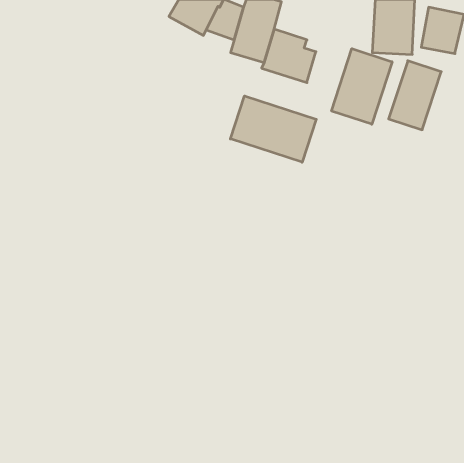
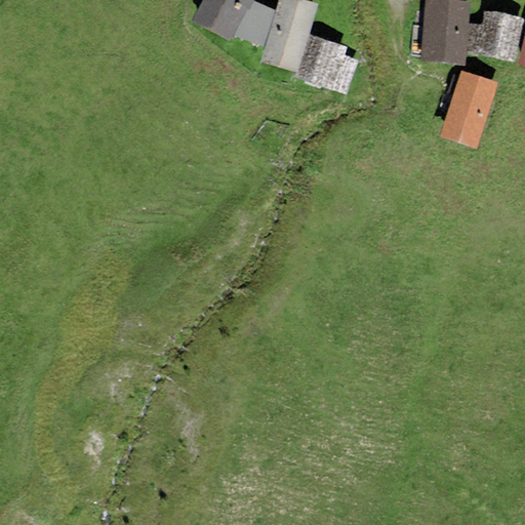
building: [332,49,392,124] -> none
building: [230,96,316,162] -> none

